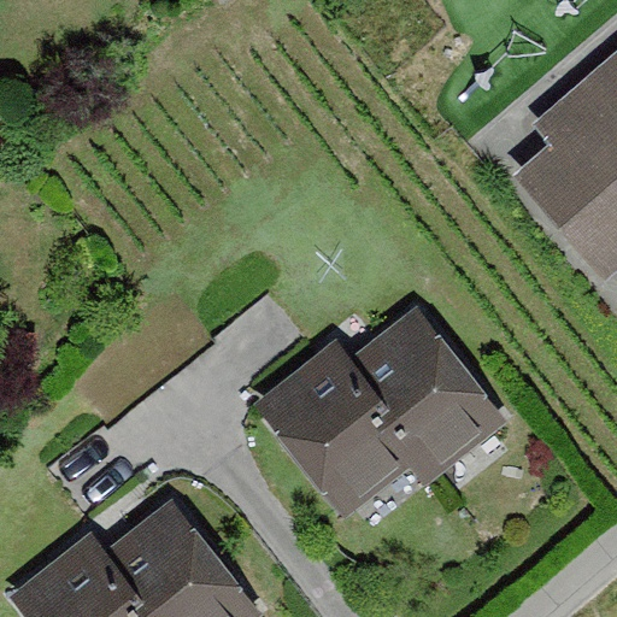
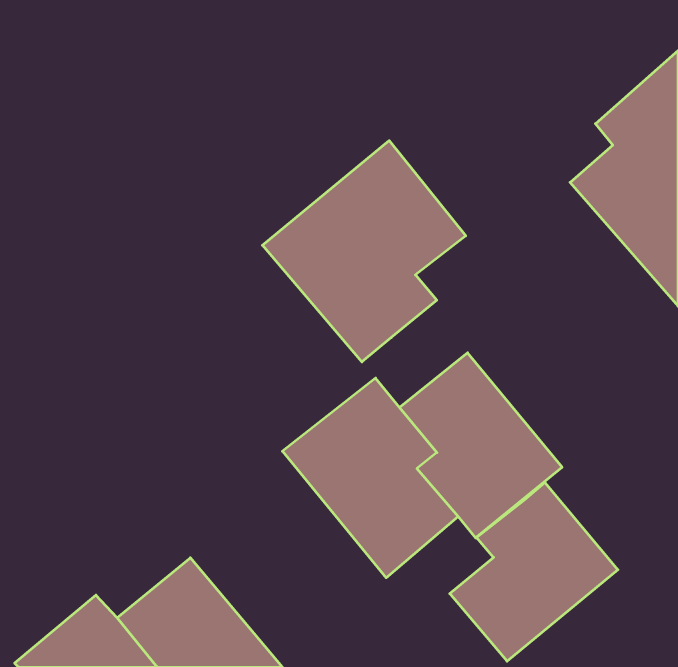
building: none -> [262,141,466,362]
building: none -> [450,483,618,661]

